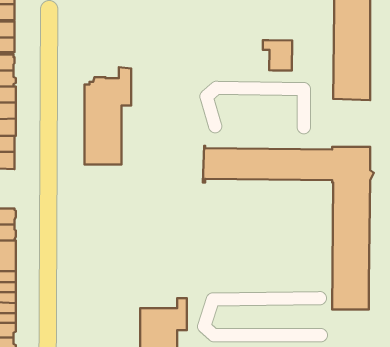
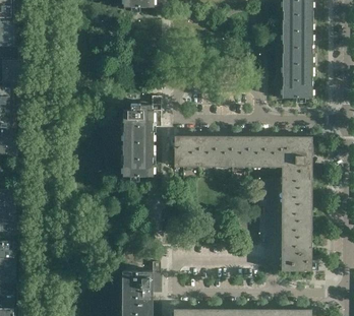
building: [263,40,292,71] -> none
building: [85,67,131,164] -> [122,96,161,176]

